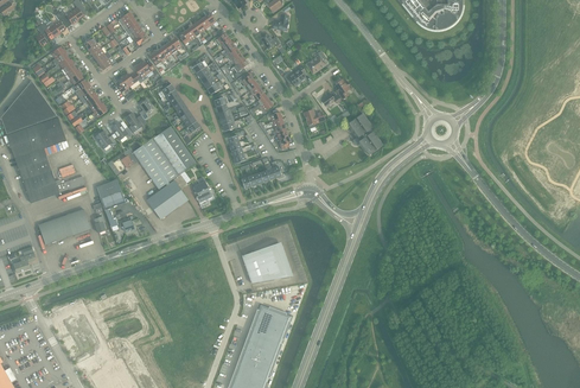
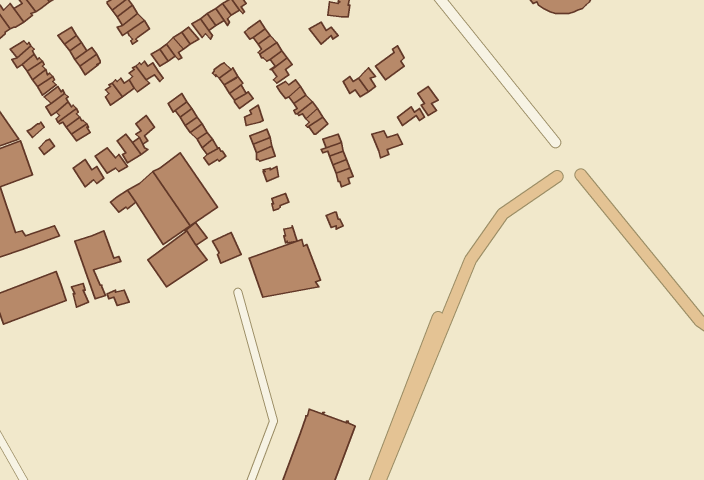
building: [348,113,382,154] -> none
building: [241,242,291,282] -> [249,239,321,297]

